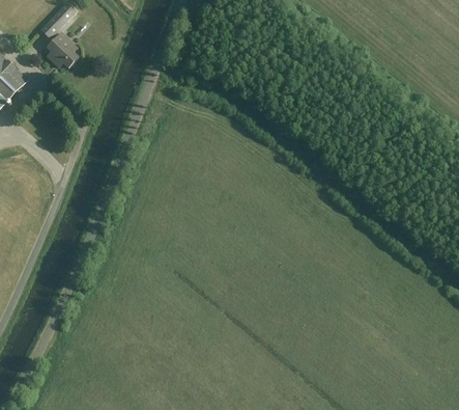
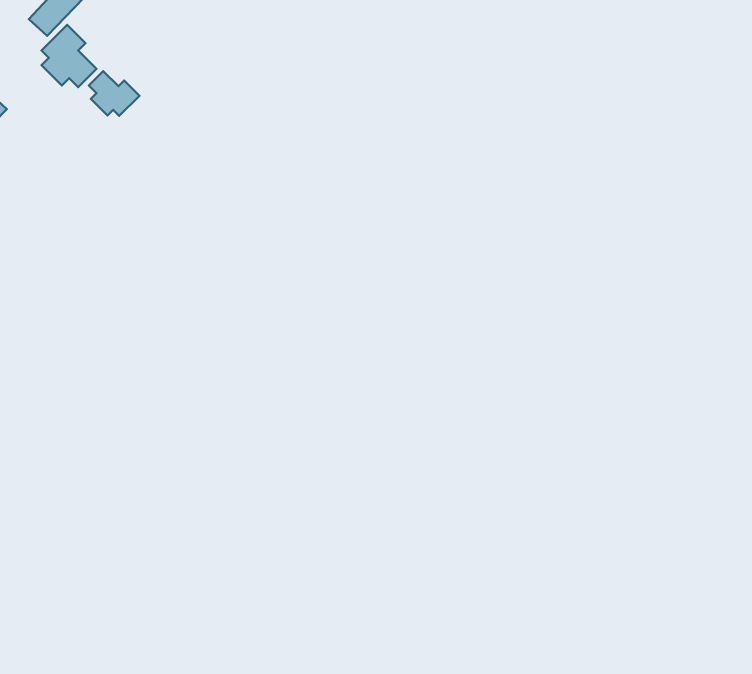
building: none -> [89,71,139,116]

